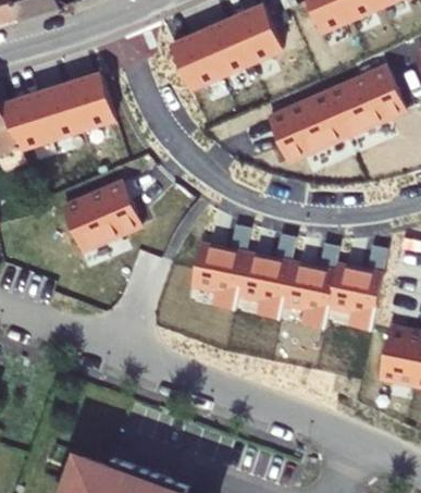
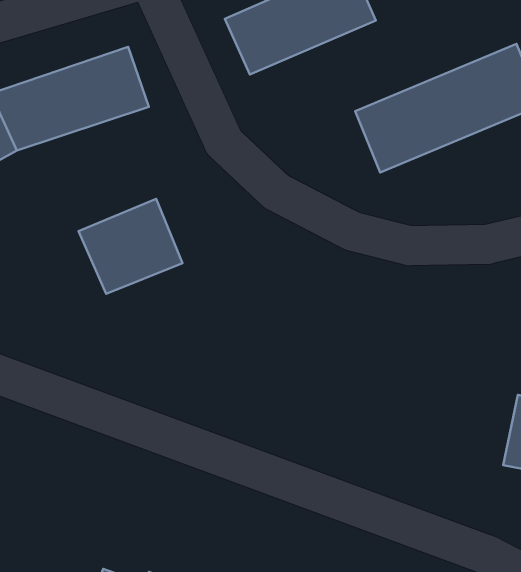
building: [189,245,381,331] -> none

